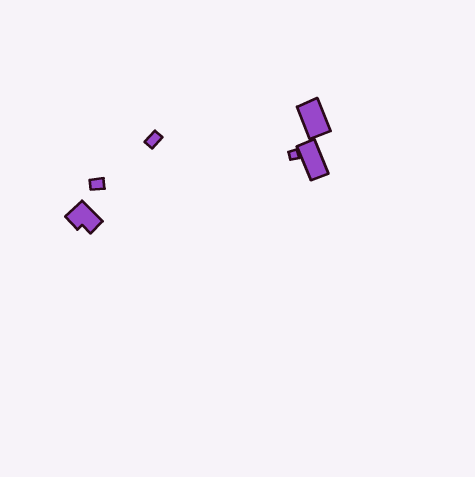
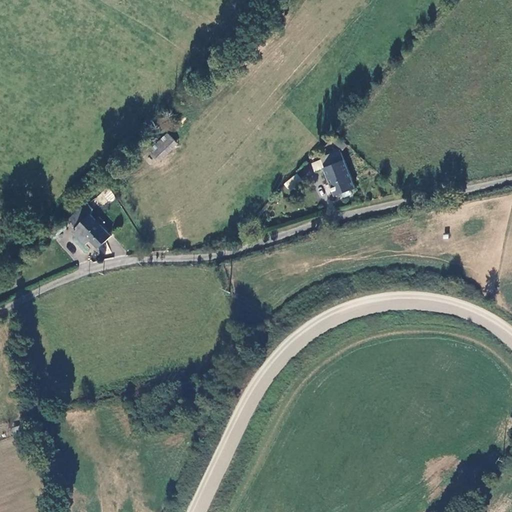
building: [297,98,331,139] -> none

